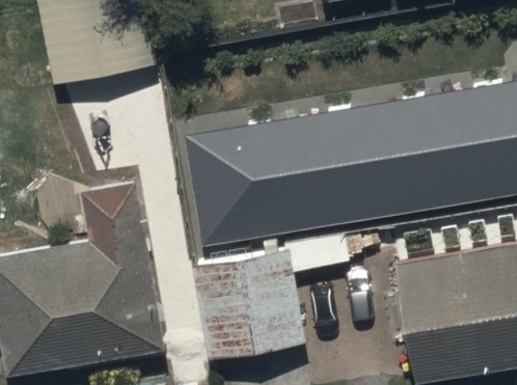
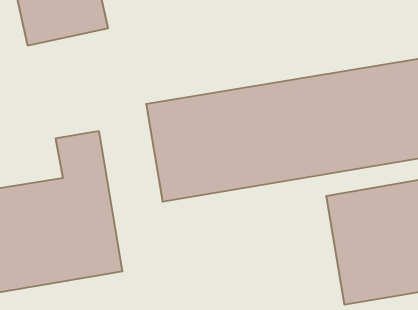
building: [190,249,304,358] -> none

